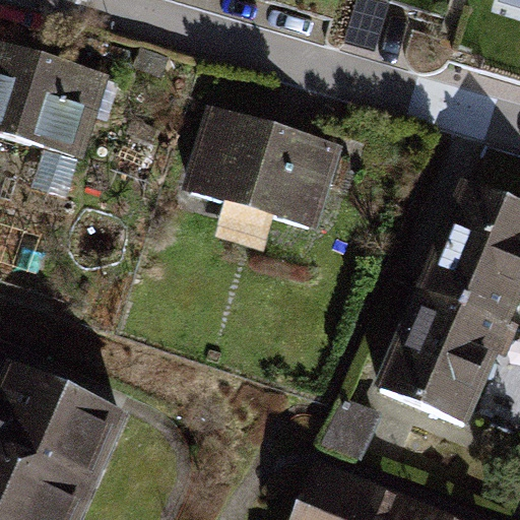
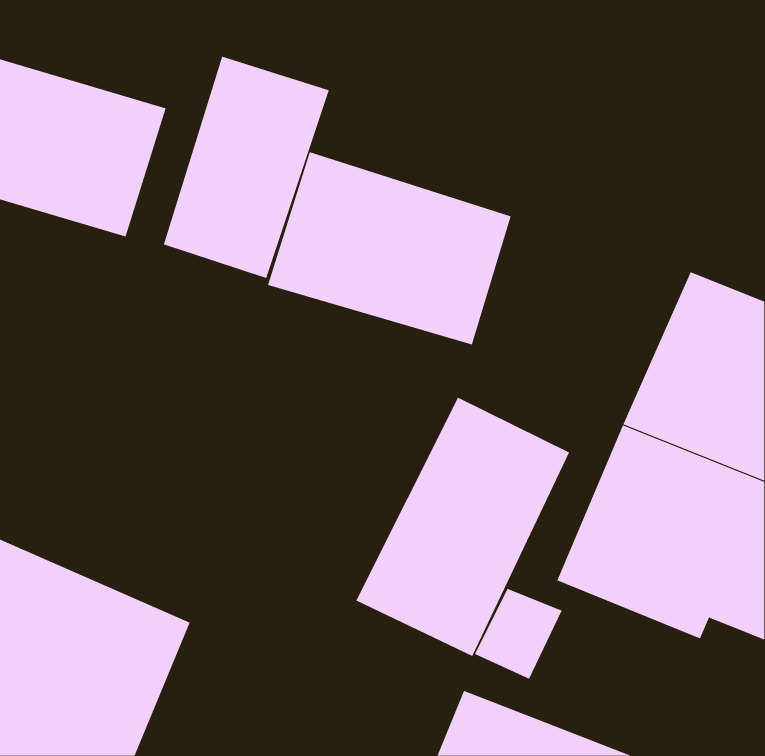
building: none -> [163,56,330,279]
building: none -> [355,397,570,657]

